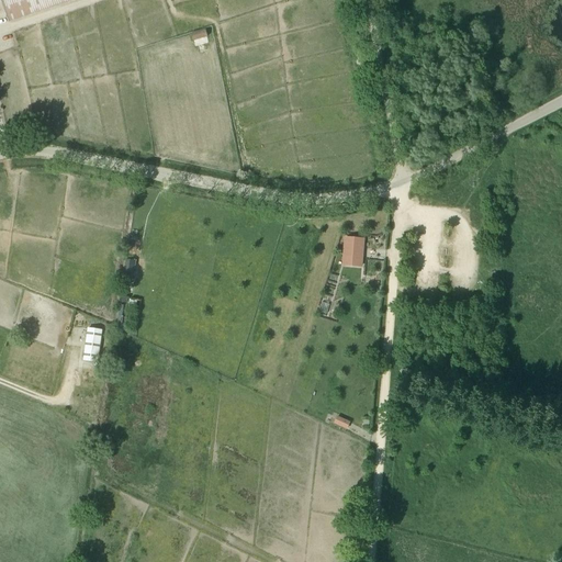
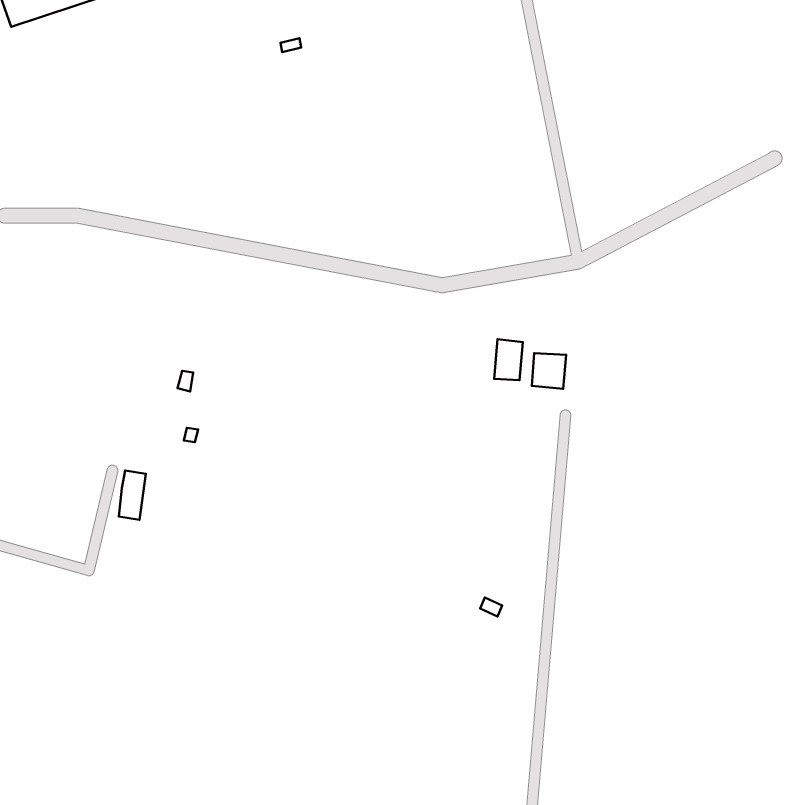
building: none -> [532,353,566,389]

